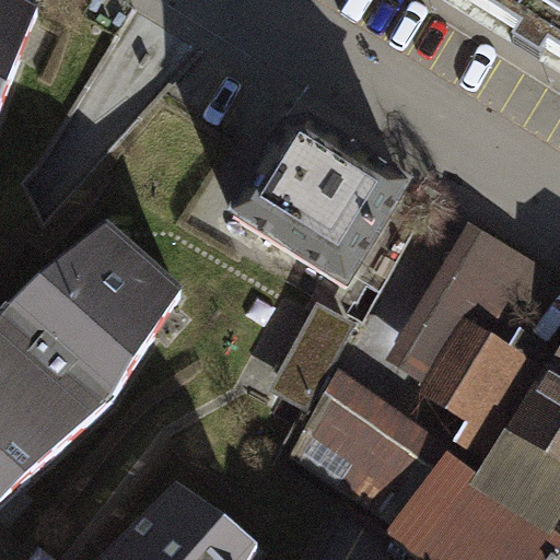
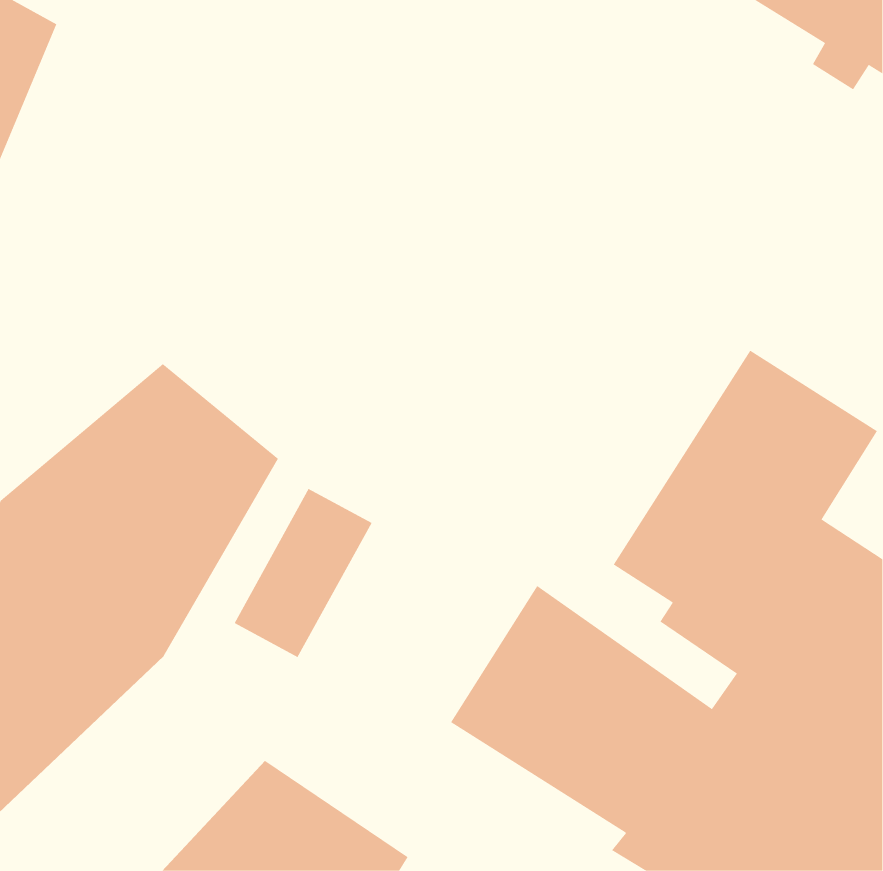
building: [235,126,406,283] -> none
building: [272,303,360,410] -> [234,488,372,658]

